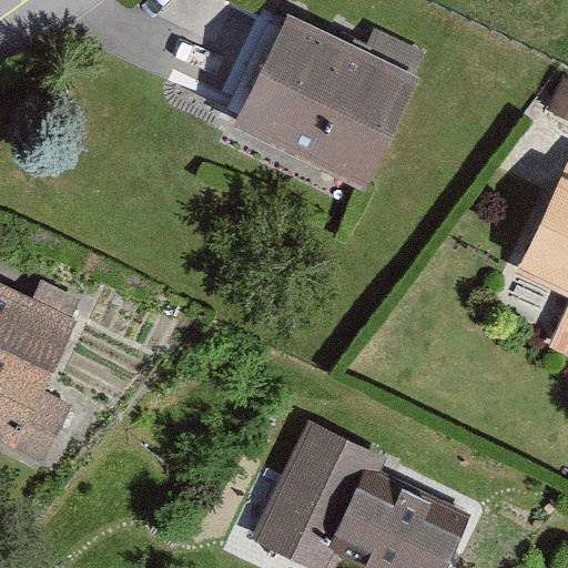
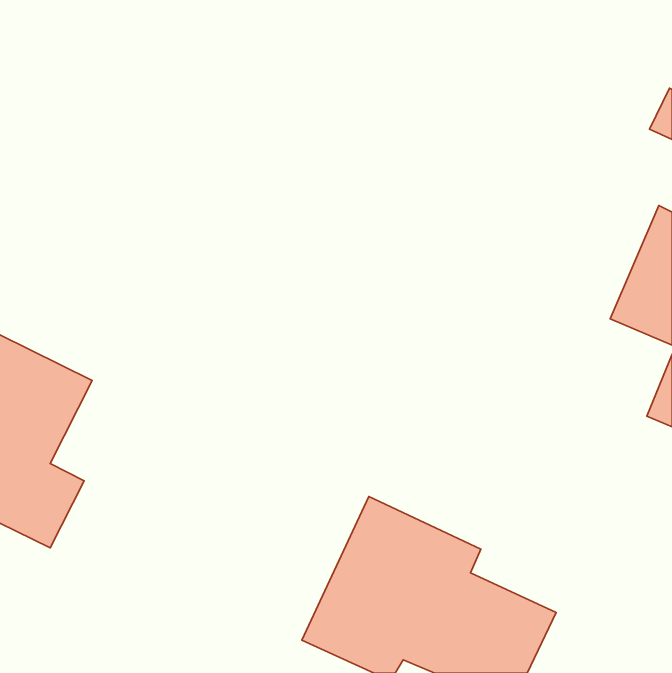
building: [241,18,417,185] -> none

